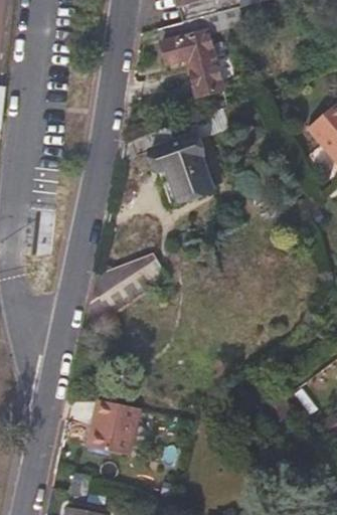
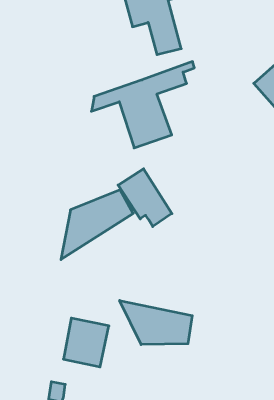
building: none -> [118,169,172,227]
building: none -> [120,300,192,345]

